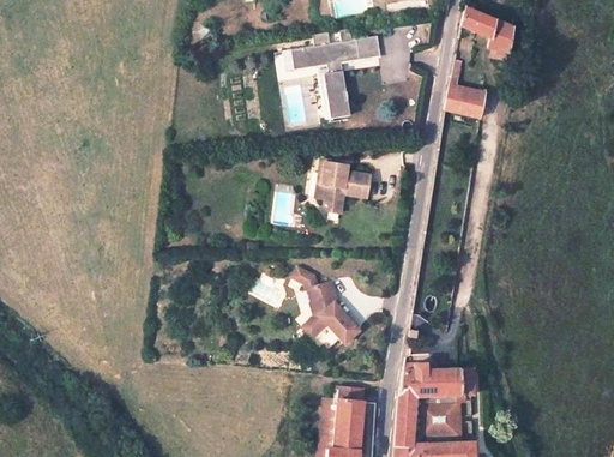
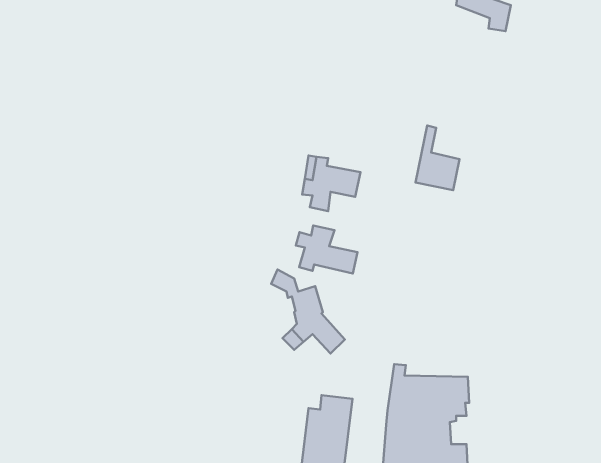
building: [294,32,381,121] -> none
building: [441,59,482,119] -> [415,125,460,190]
building: none -> [296,226,358,273]

